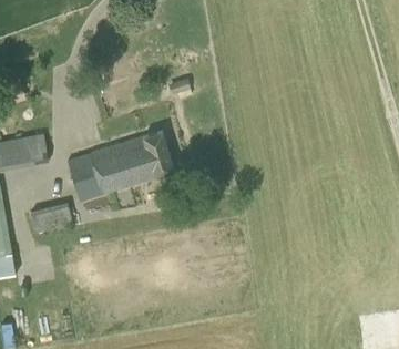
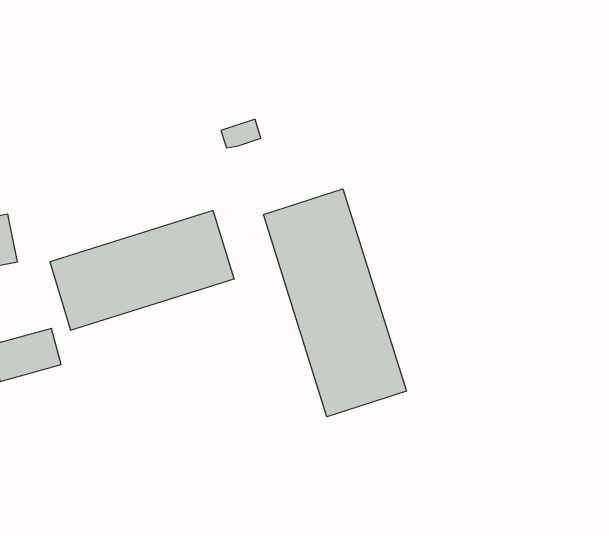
building: none -> [263,189,406,417]

